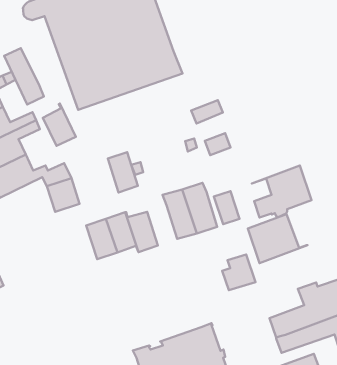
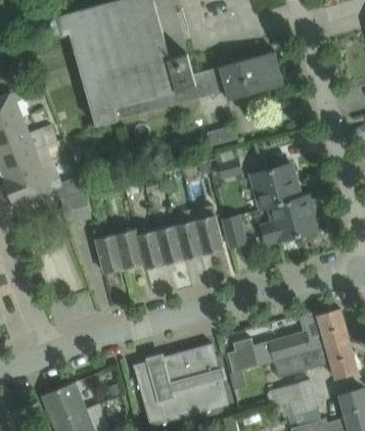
building: none -> [192,51,283,100]
building: [4,48,44,104] -> none
building: [43,103,76,146] -> none
building: [108,152,138,192] -> [155,225,183,264]
building: [248,214,307,263] -> [250,163,308,209]
building: [222,255,255,290] -> [226,338,258,372]

